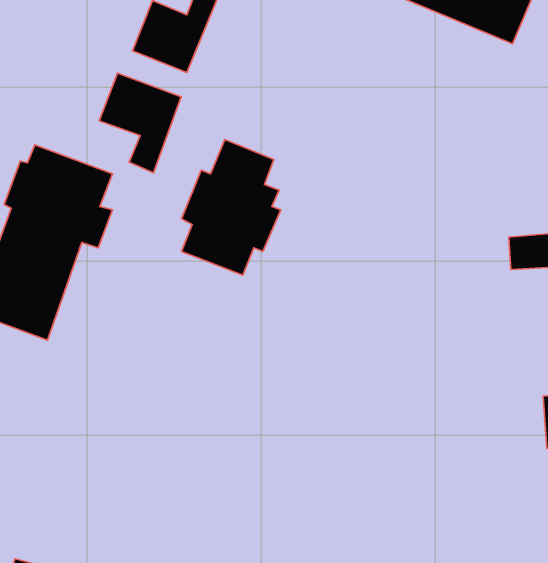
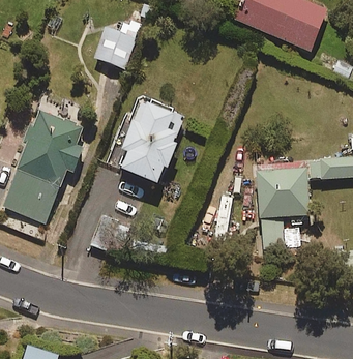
building: [99,73,181,173] -> none
building: none -> [254,159,310,247]

